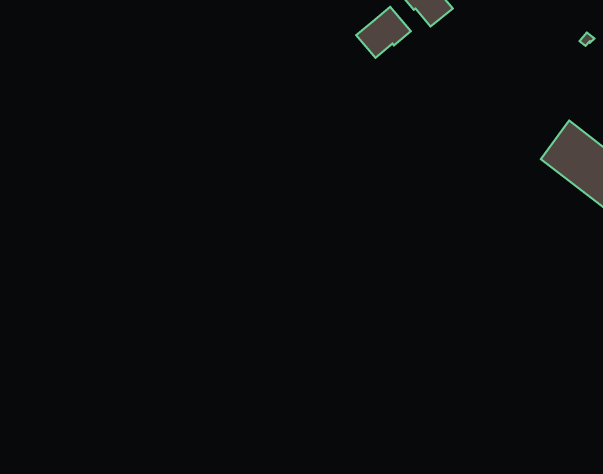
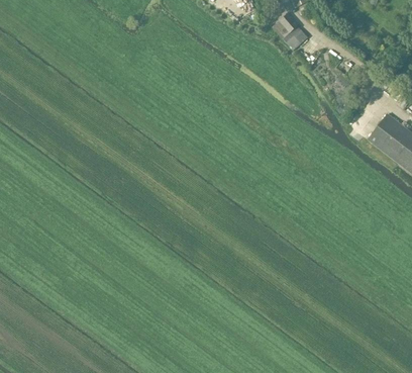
building: [356,7,411,58] -> none

